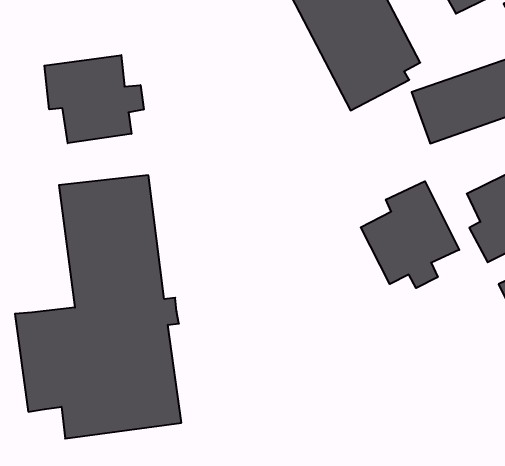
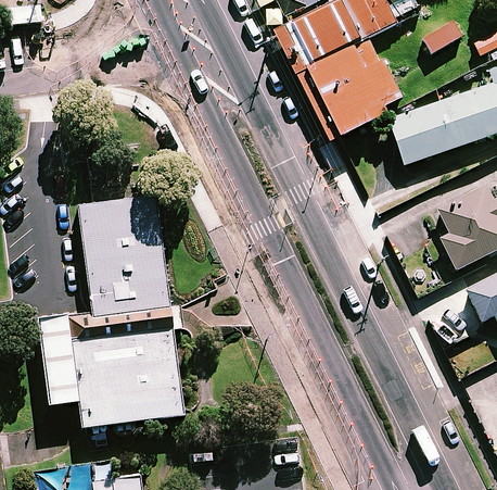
building: [44,55,144,143] -> none
building: [361,181,459,288] -> none

